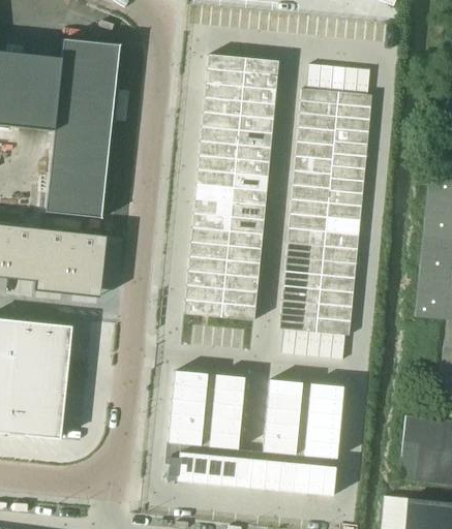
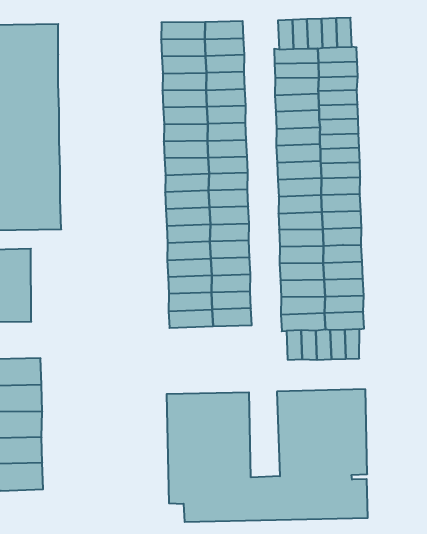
building: [67,231,107,297] -> none

